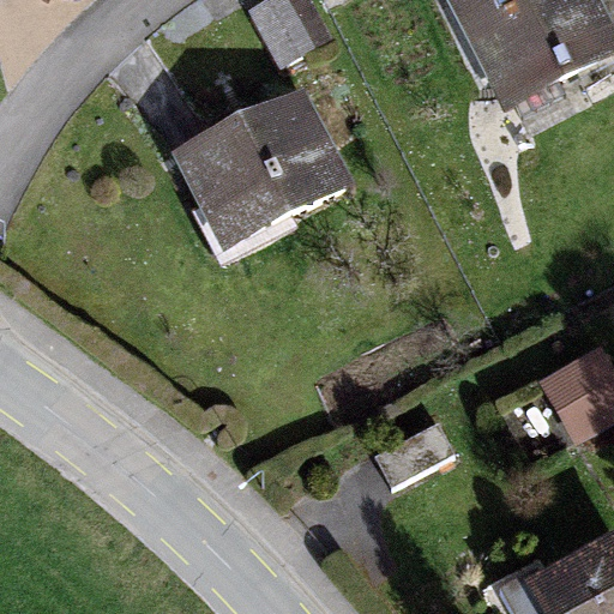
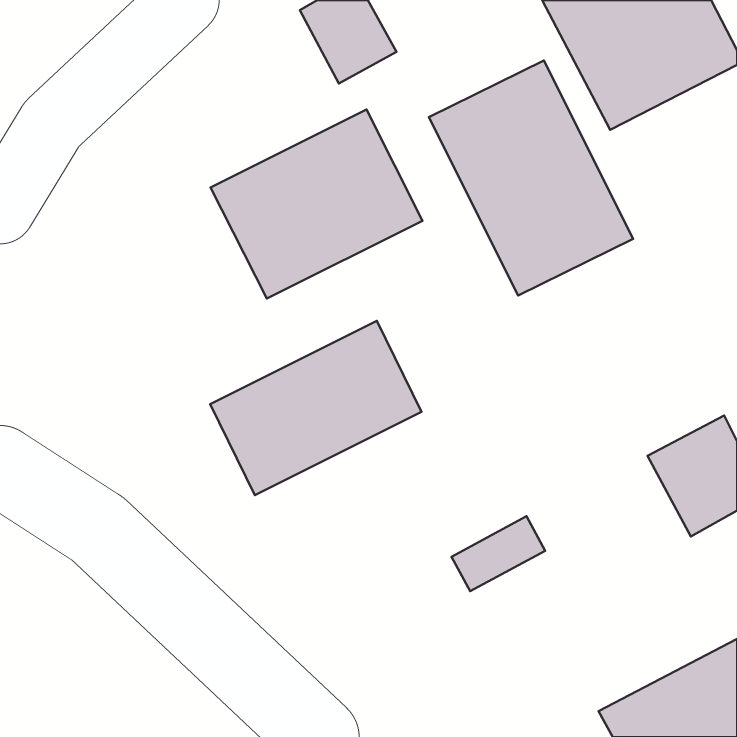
building: none -> [429,61,633,296]
building: none -> [210,321,421,495]

